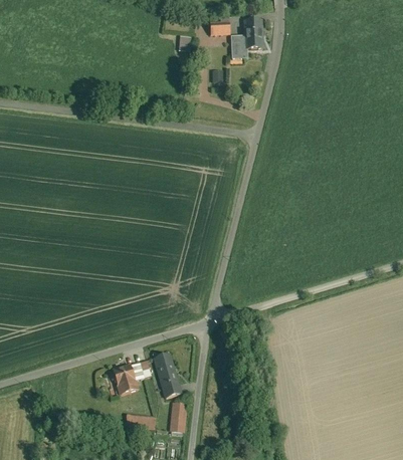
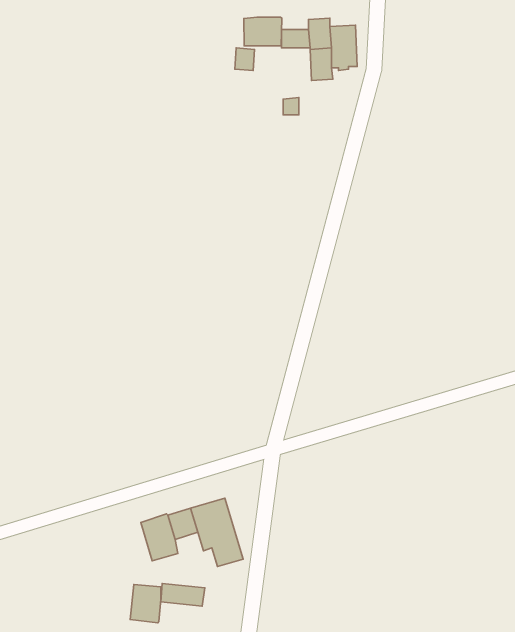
building: none -> [244,17,282,46]
building: [166,402,187,434] -> none
building: none -> [130,585,161,623]

